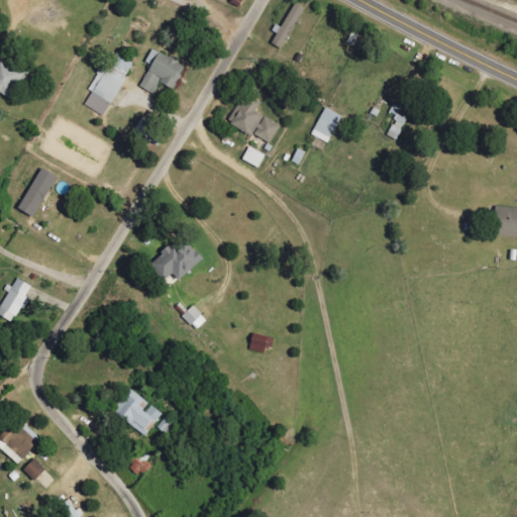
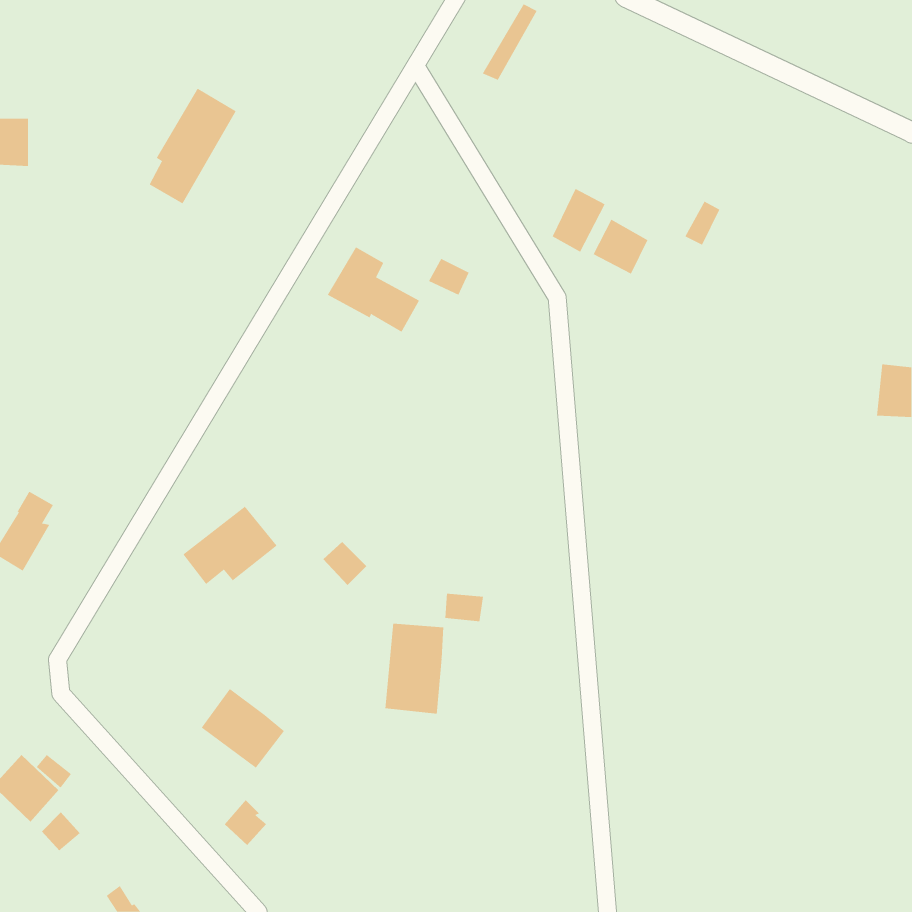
building: [139,47,185,92] -> none
building: [227,94,280,142] -> [327,247,420,333]
building: none -> [593,219,648,274]
building: [18,167,57,216] -> none
building: [149,236,203,281] -> [182,506,277,585]
building: none -> [385,623,444,715]

